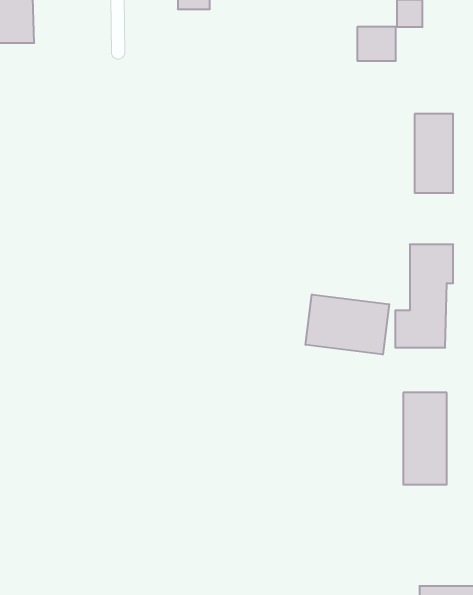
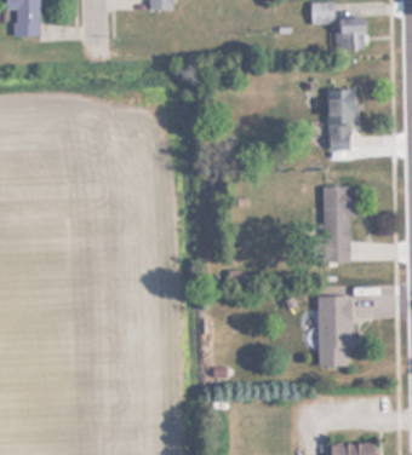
building: [357,27,396,61] -> [336,23,365,48]
building: [306,294,389,355] -> none

